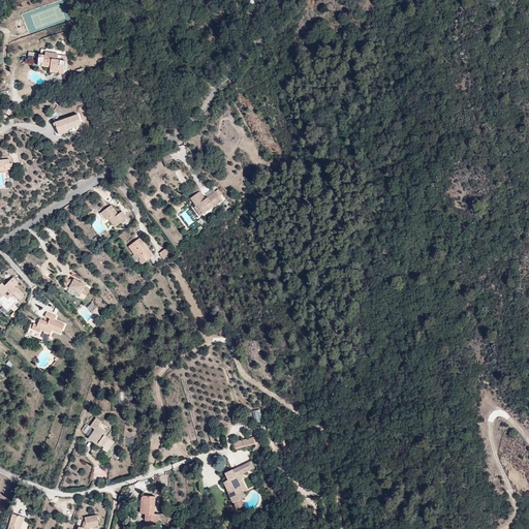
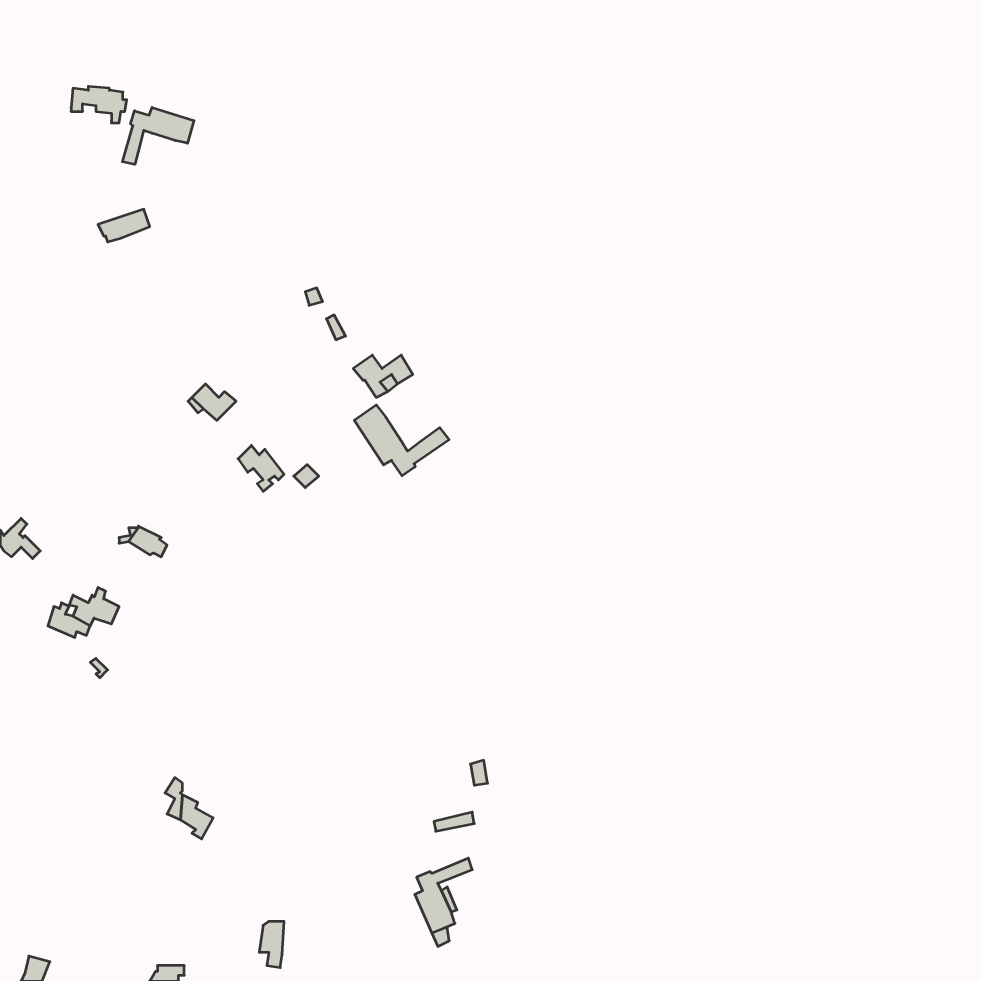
building: none -> [122,107,194,164]
building: none -> [354,405,449,476]

